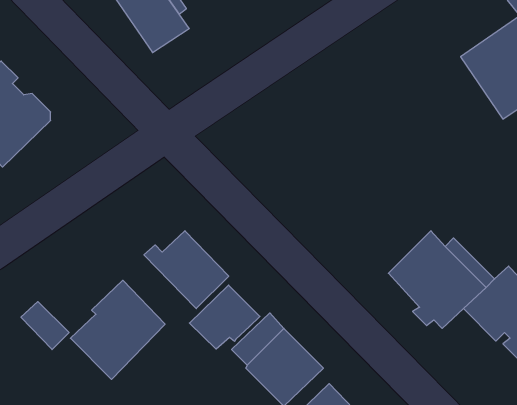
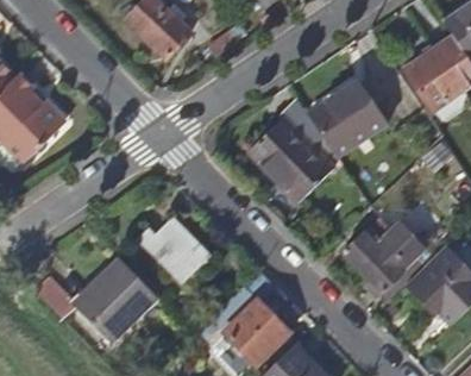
building: none -> [309,77,389,155]
building: none -> [251,117,333,200]
building: [189,285,260,349] -> none

